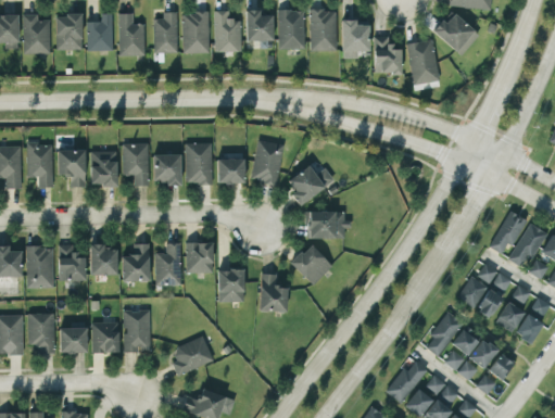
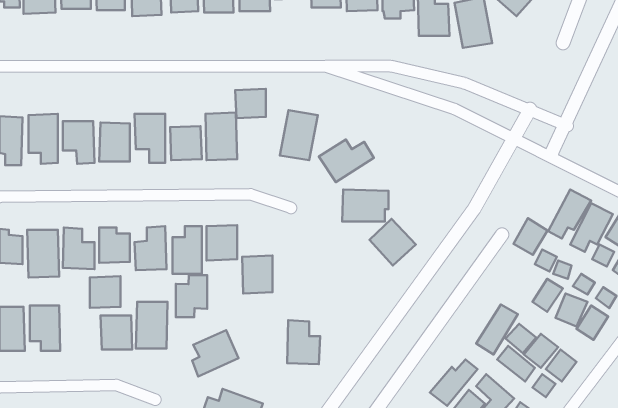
building: [217,159,244,185] -> [235,89,266,118]
building: [291,244,332,286] -> [370,219,416,265]
building: [258,274,288,313] -> [287,320,320,364]
building: [457,276,488,308] -> [513,218,548,255]
building: none -> [176,275,207,317]
building: [60,326,87,354] -> [90,276,120,308]

